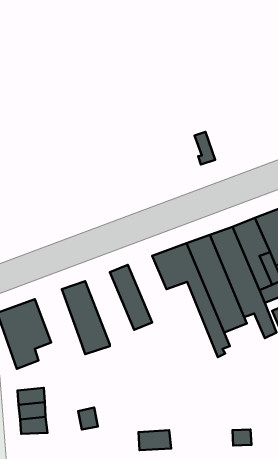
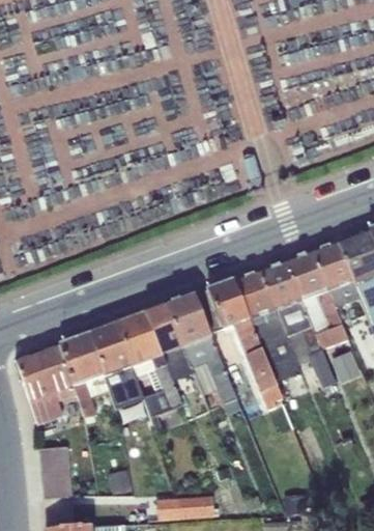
building: none -> [165,294,240,413]
building: none -> [116,312,182,429]
building: none -> [58,332,110,432]

